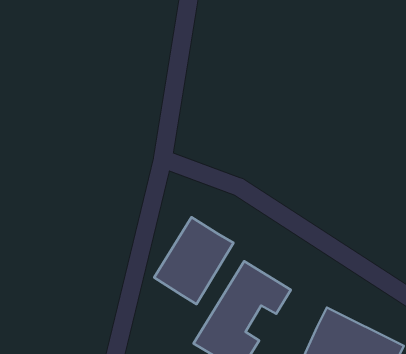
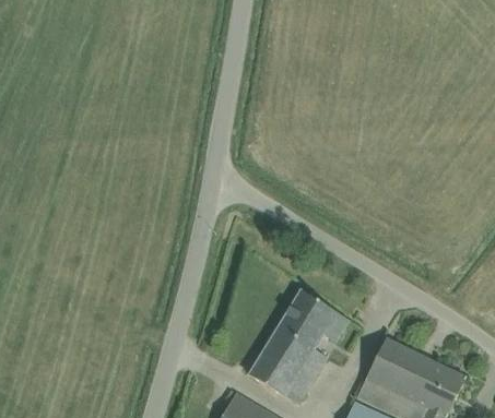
building: [154,217,233,304] -> none

